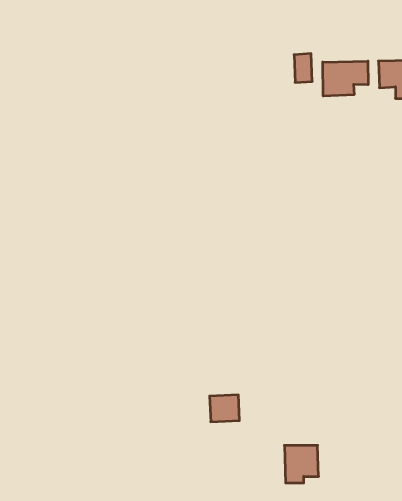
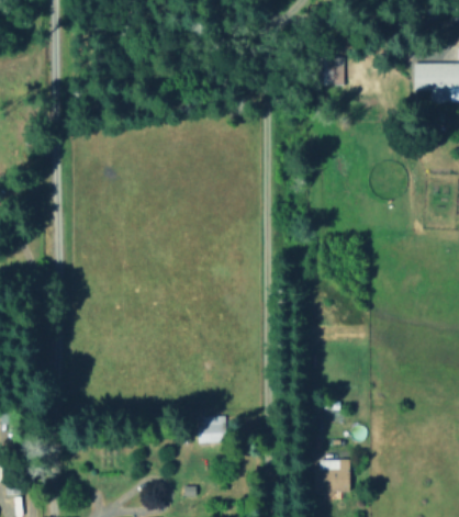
building: [323,61,368,96] -> none
building: [210,395,239,422] -> [195,415,226,442]

